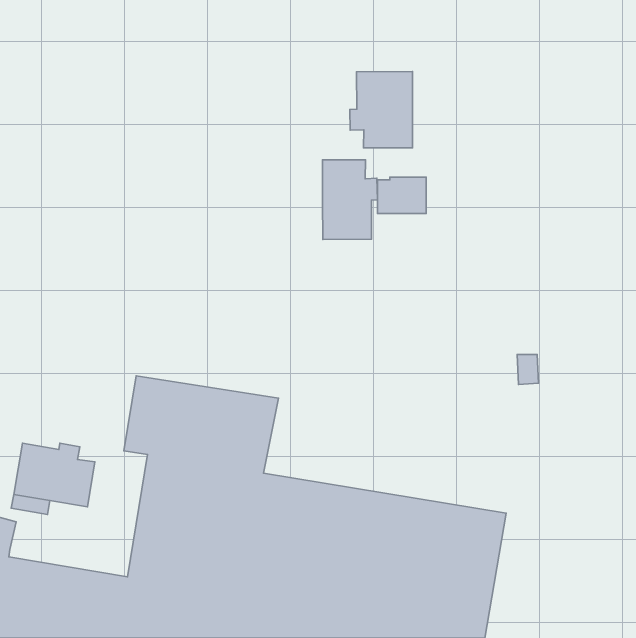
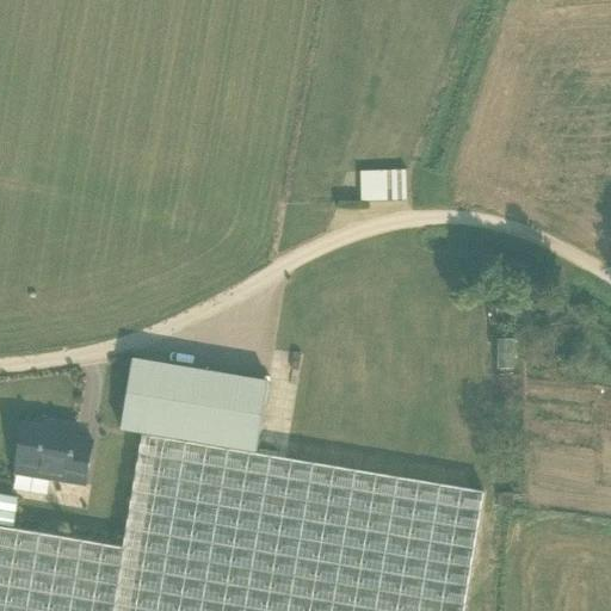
building: [350,71,413,148] -> none
building: [323,160,377,239] -> none

